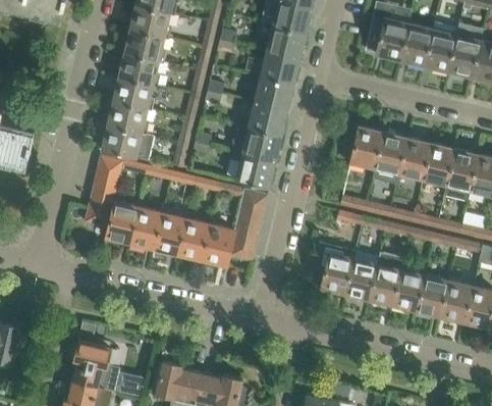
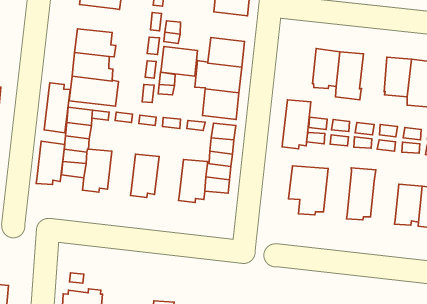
building: [119,52,162,86] -> none
building: [253,77,292,110] -> [161,47,198,76]
building: none -> [44,83,70,133]
building: [396,138,428,179] -> none
building: [128,204,162,249] -> [36,141,65,184]
building: [175,215,210,261] -> none
building: [343,249,378,300] -> [282,100,311,149]
building: [390,267,424,311] -> none

